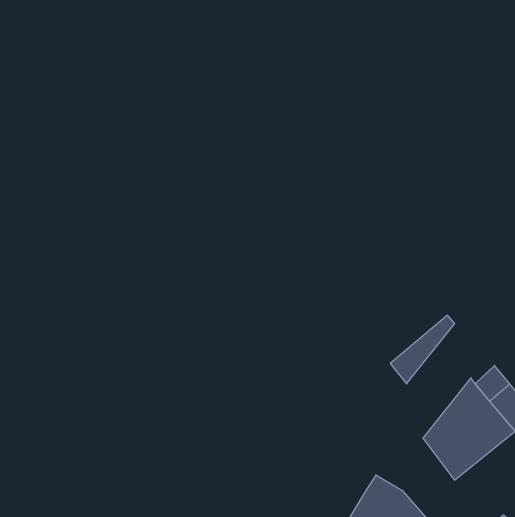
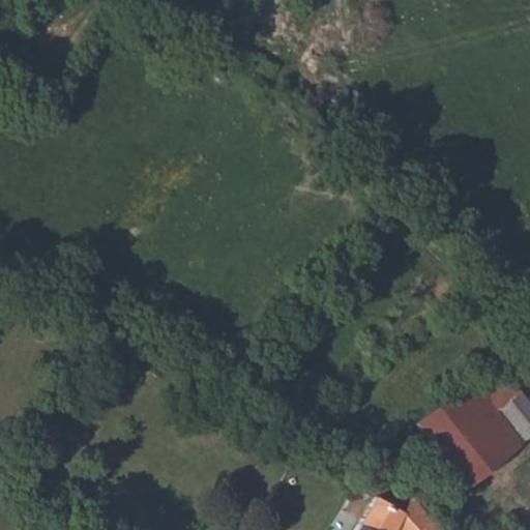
building: [390,315,455,384] -> [419,380,484,449]

